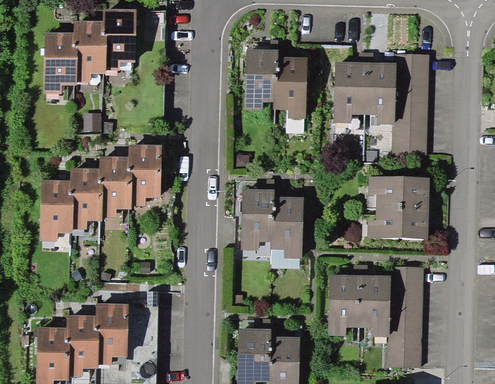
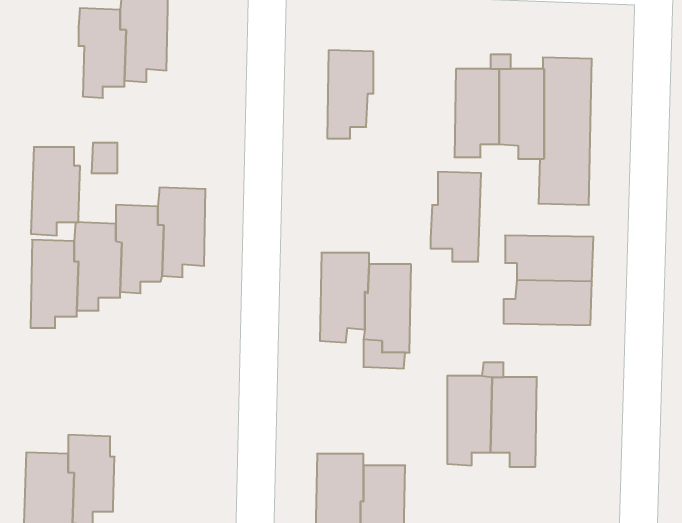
building: [43,33,77,94] -> [31,147,80,235]
building: [272,56,307,118] -> [431,172,481,262]
building: [386,267,422,369] -> none
building: [95,303,127,364] -> none

